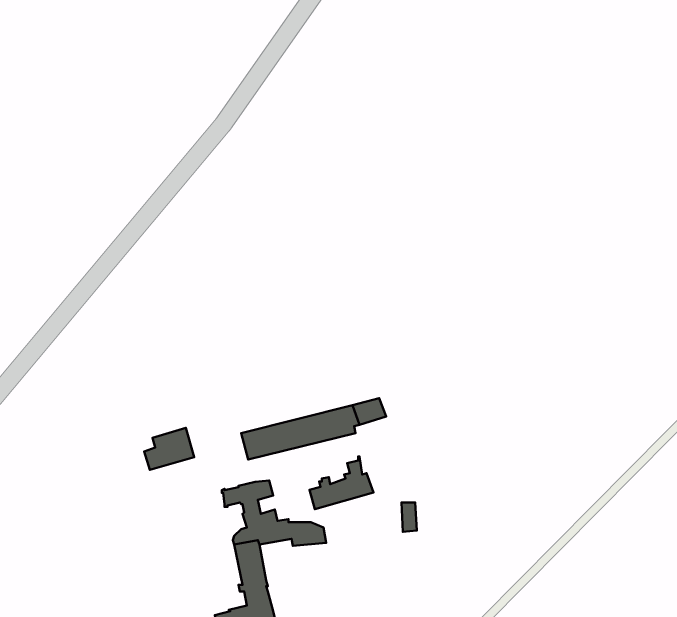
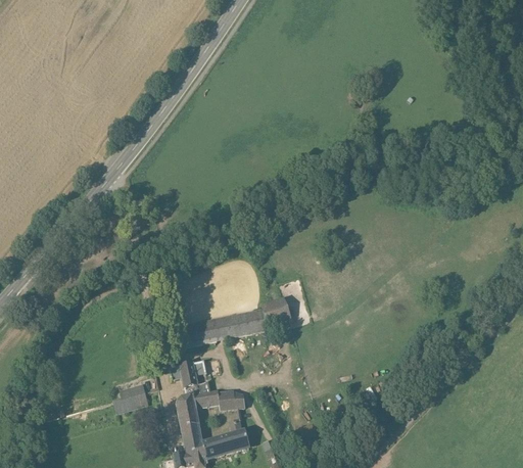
building: [144,428,194,470] -> [111,382,148,413]
building: [309,456,373,509] -> [202,419,249,458]

